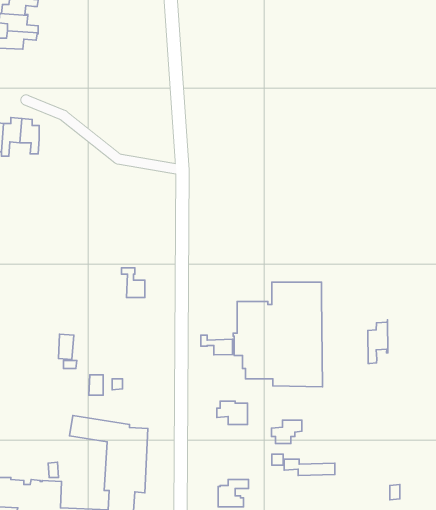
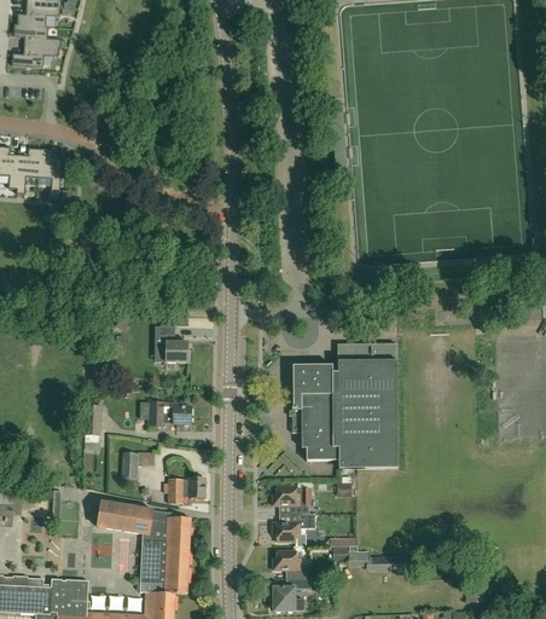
building: [368,320,388,363] -> none
building: none -> [149,401,191,426]
building: [201,335,232,355] -> none
building: none -> [169,478,205,503]
building: [271,420,302,444] -> [273,513,309,540]
building: none -> [274,550,310,578]

